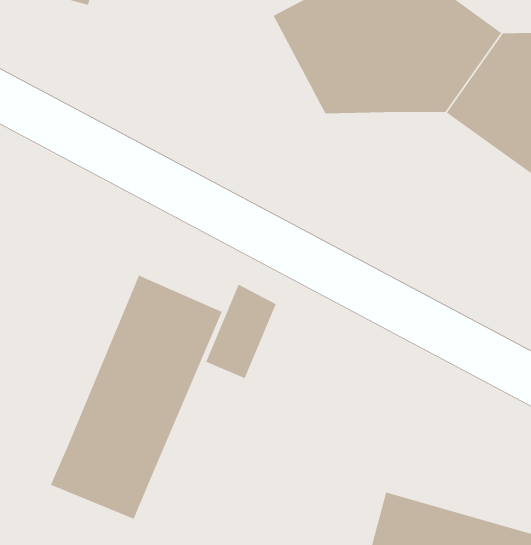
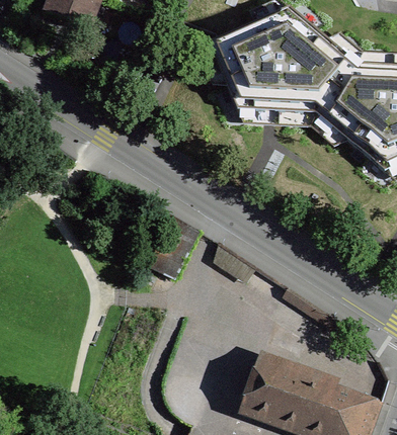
building: [50,274,223,520] -> none

